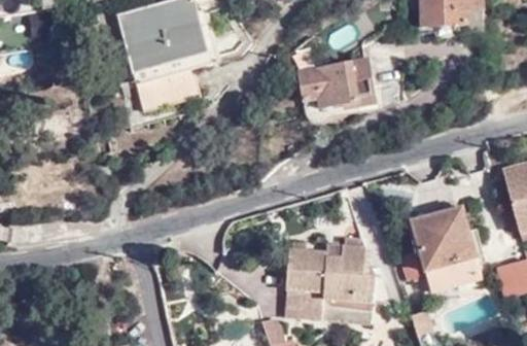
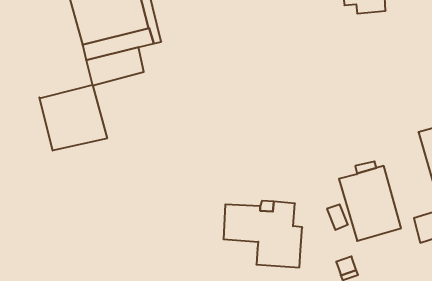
building: [289,59,372,113] -> none
building: none -> [39,85,107,151]
building: [283,290,324,319] -> none

